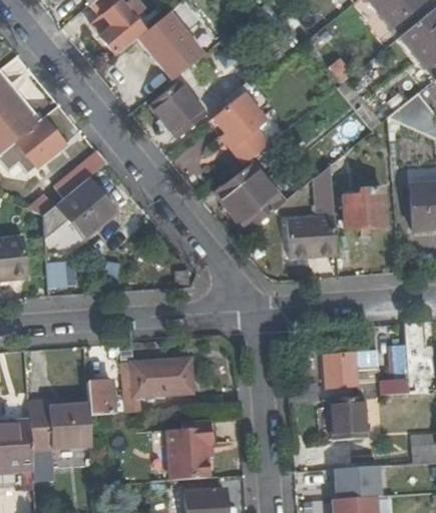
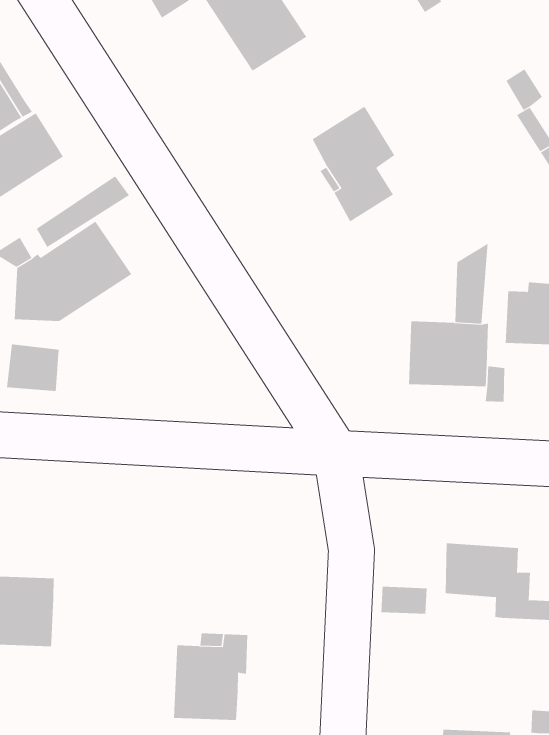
building: [151,82,206,137] -> none
building: [216,164,282,231] -> none
building: [120,357,196,413] -> none
building: [87,380,115,415] -> none
building: [328,396,368,441] -> none

